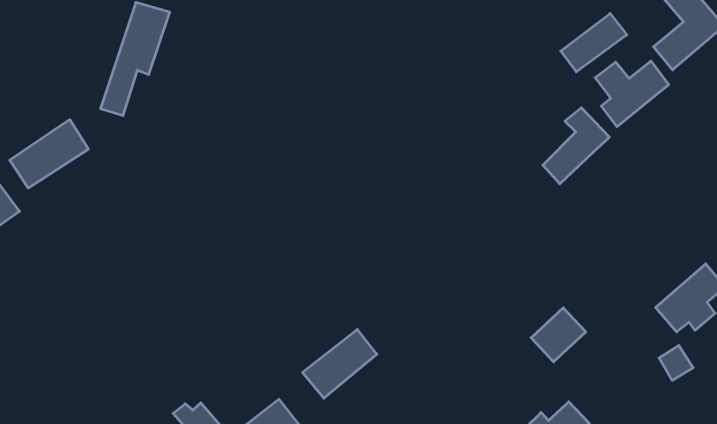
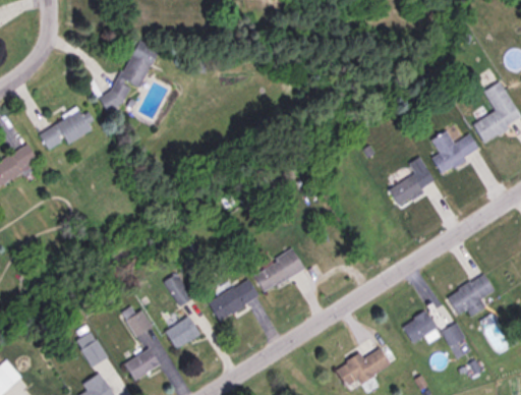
building: [561,13,627,72] -> none
building: none -> [253,250,304,291]
building: [531,308,586,362] -> [402,311,439,345]
building: none -> [163,273,193,306]

